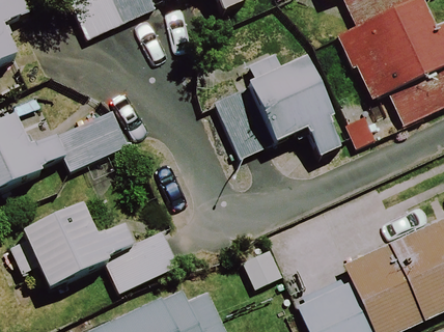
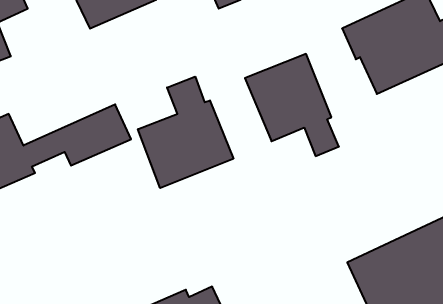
building: none -> [138,77,233,188]
building: [18,209,134,293] -> none

